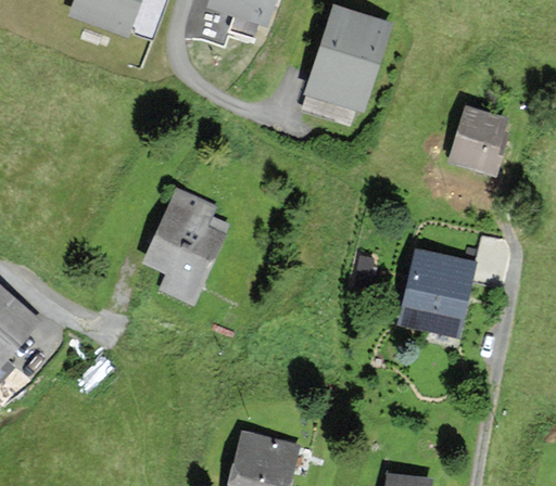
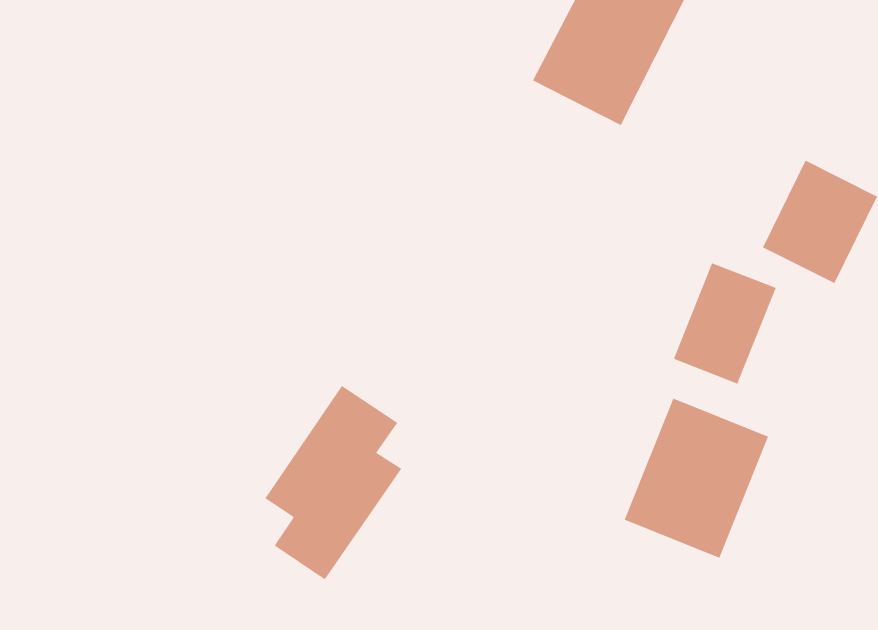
building: none -> [673,262,776,384]
building: [149,192,222,300] -> [264,385,402,580]

